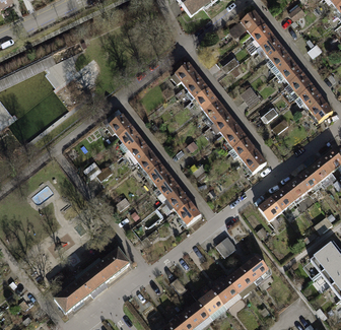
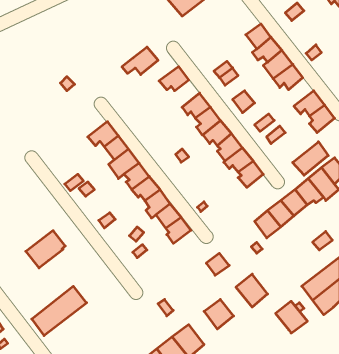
building: [229,9,265,39] -> none
building: [282,72,314,102] -> none
building: [175,74,208,100] -> [122,47,158,75]
building: none -> [293,142,328,175]
building: [91,246,128,280] -> [26,231,65,268]
building: [227,266,257,295] -> [276,301,307,333]
building: [198,288,227,319] -> none

